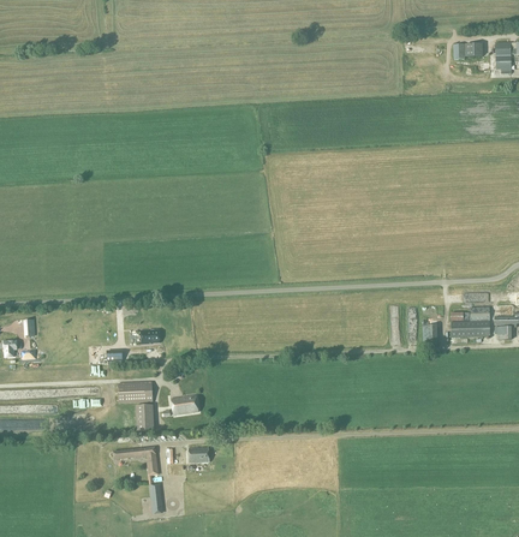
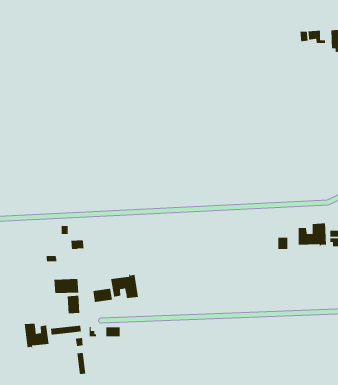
building: none -> [110,274,139,299]
building: none -> [24,323,50,348]

